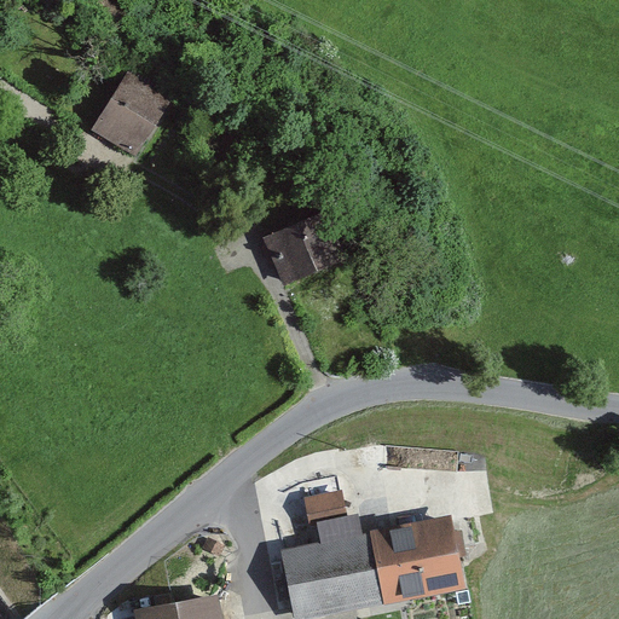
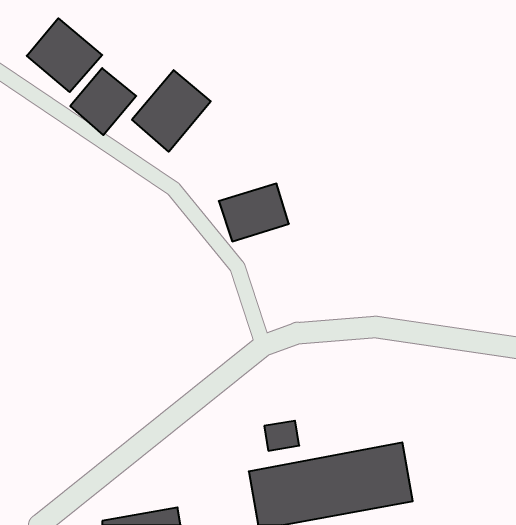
building: none -> [27,18,102,92]
building: none -> [132,70,211,152]

